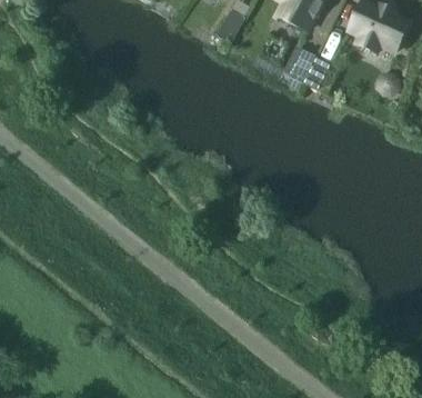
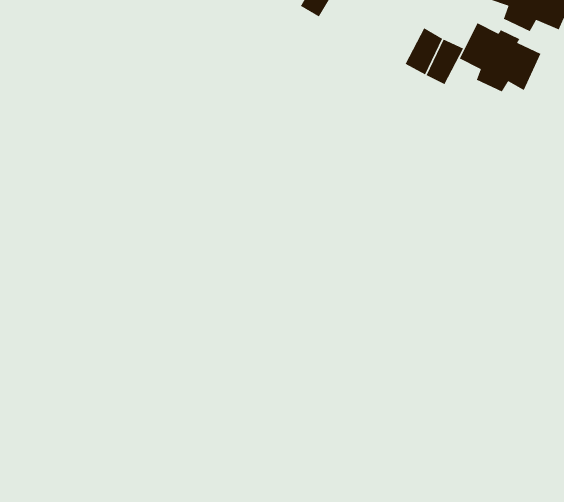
building: none -> [459,22,541,93]

